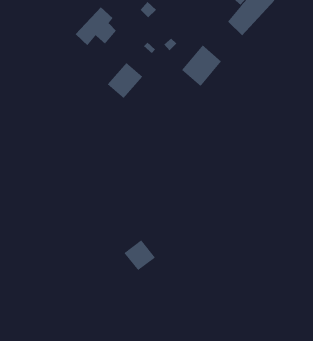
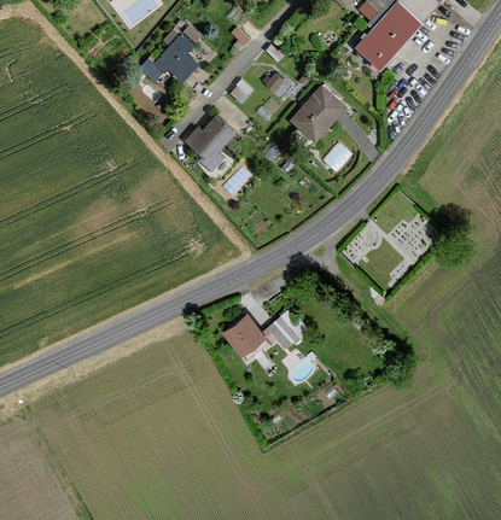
building: none -> [266,308,307,349]
building: [124,240,156,271] -> [220,311,266,356]

